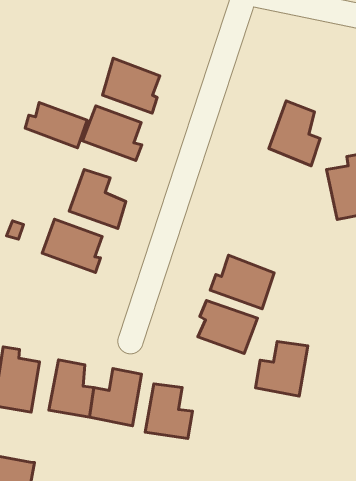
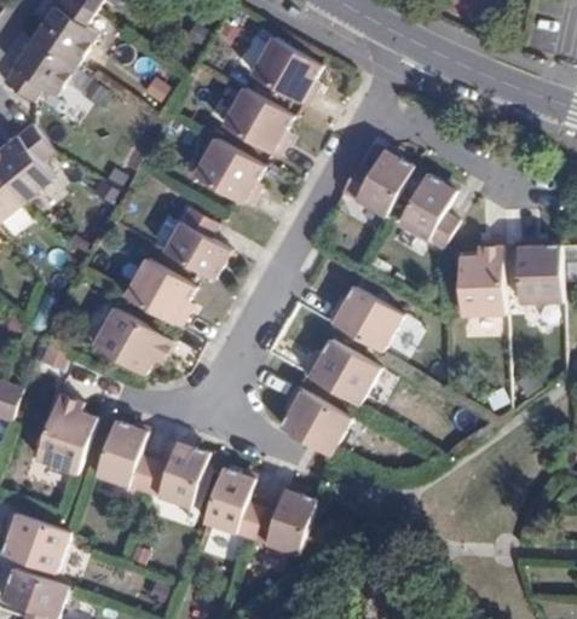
building: none -> [247,39,316,109]
building: none -> [344,149,416,216]
building: [25,103,87,148] -> none
building: none -> [328,284,405,351]
building: none -> [87,305,172,374]
building: [255,341,308,396] -> [249,487,317,554]

